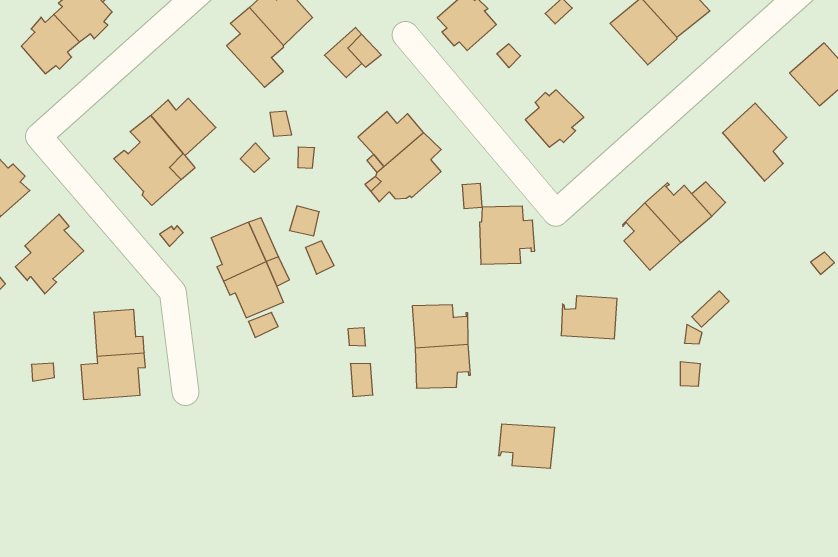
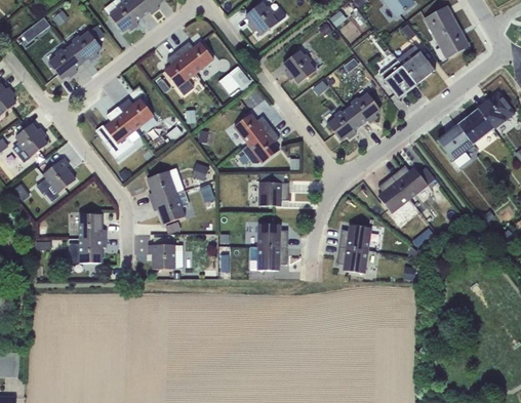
building: none -> [347,91,380,124]
building: none -> [457,108,494,144]
building: [480,206,535,264] -> [258,172,289,205]
building: none -> [149,244,184,268]
building: [498,424,555,468] -> [336,245,369,272]

